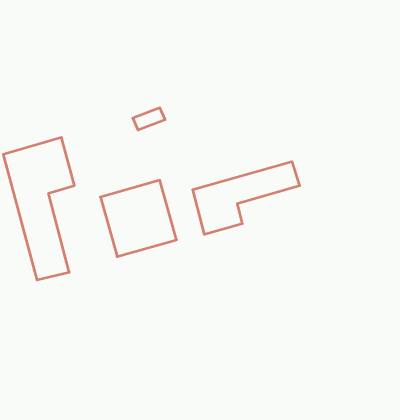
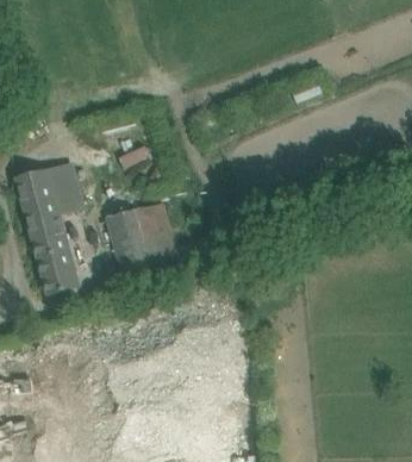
building: [193,162,300,234] -> none

